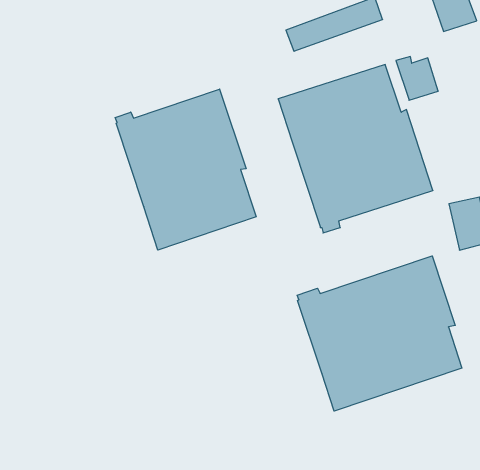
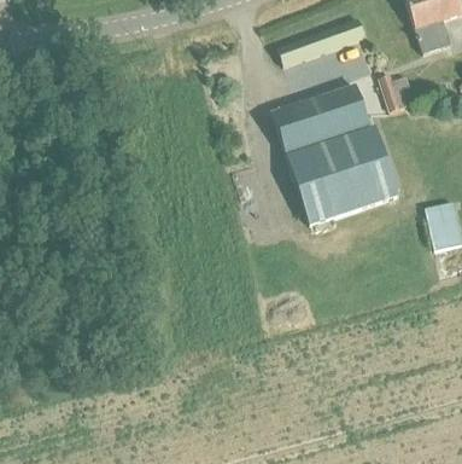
building: [115,89,256,250] -> none
building: [297,256,462,411] -> none

